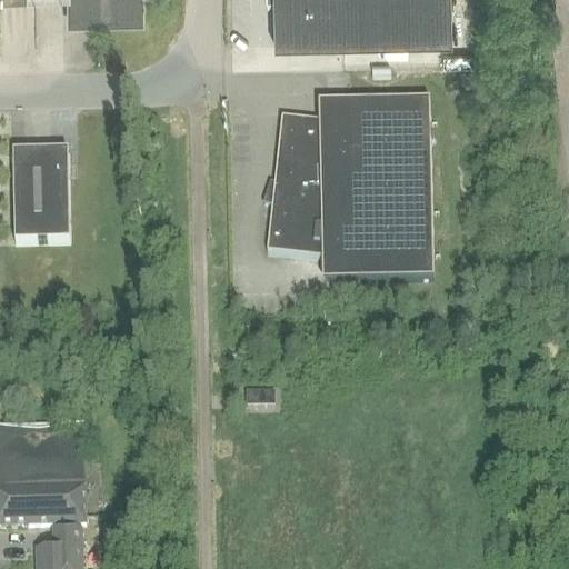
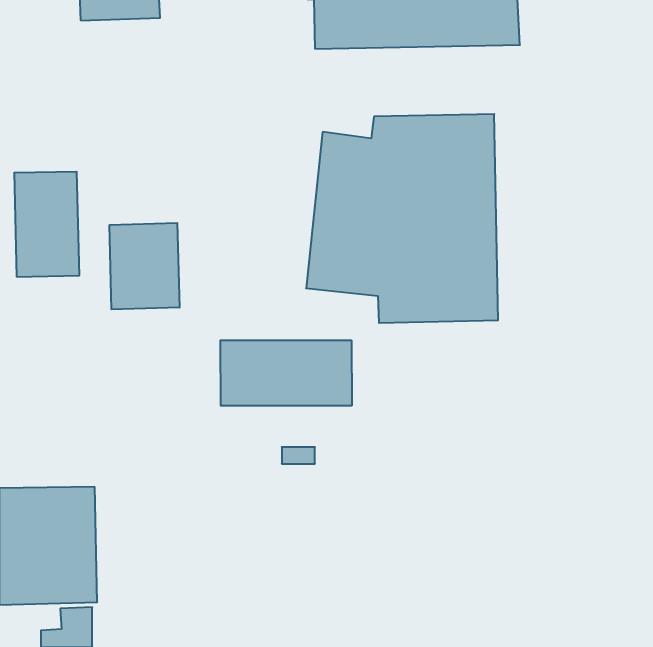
building: none -> [110,223,179,309]
building: none -> [220,340,352,406]

